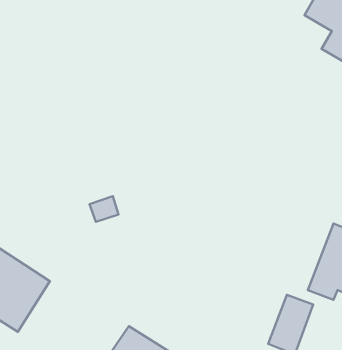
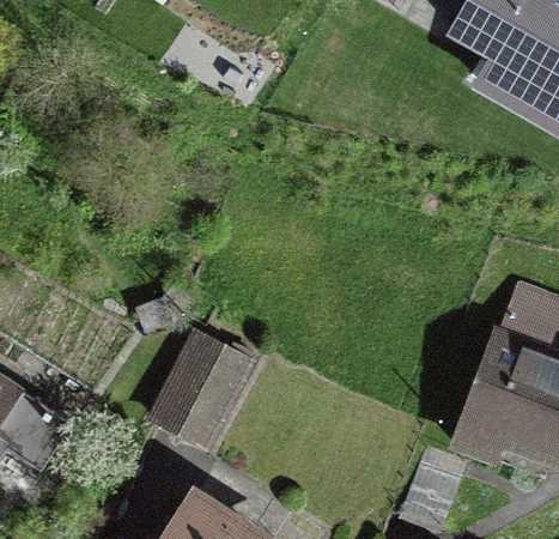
building: none -> [146,327,257,454]

